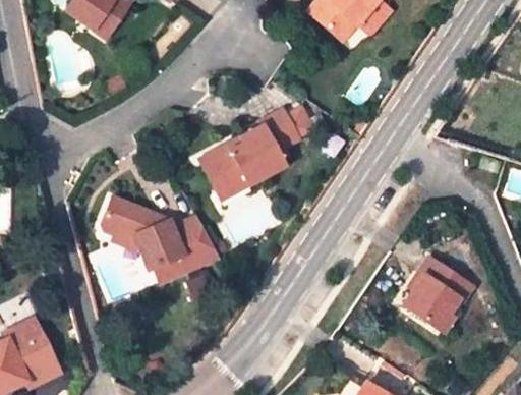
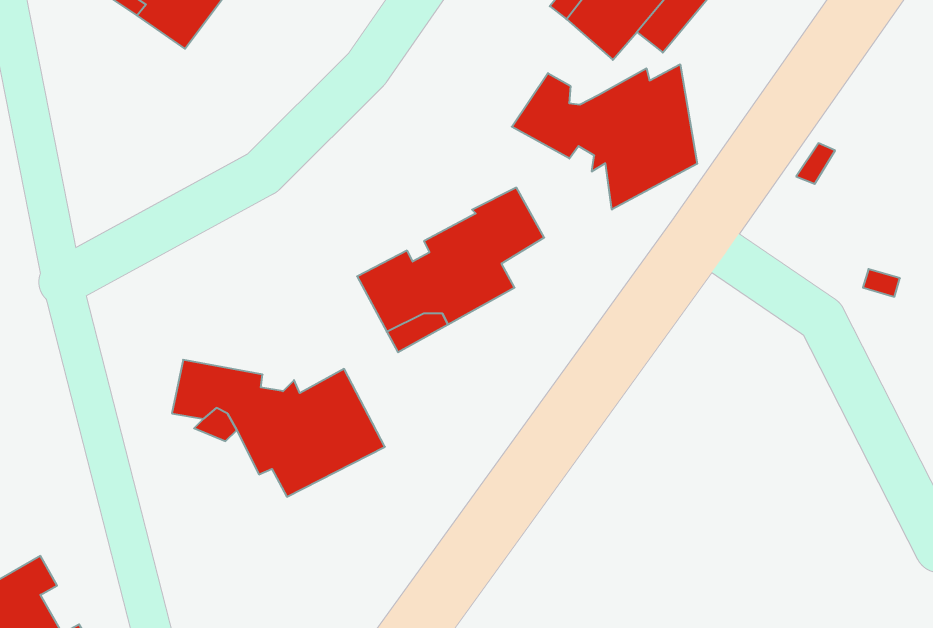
building: none -> [512,64,697,210]
building: [401,258,469,328] -> none

